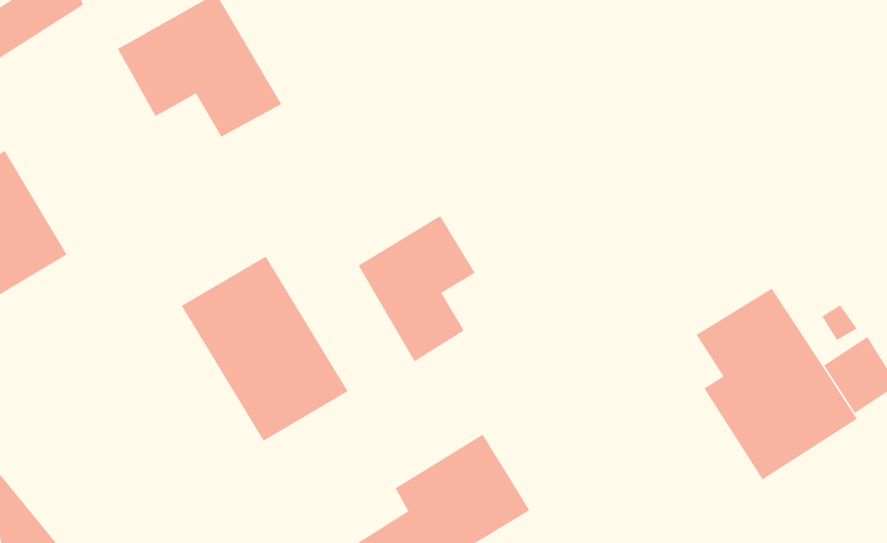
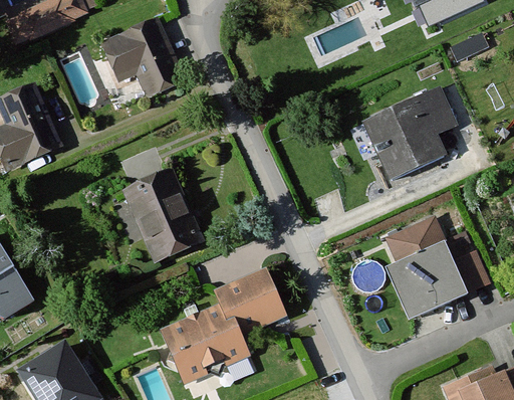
building: none -> [363,86,455,180]
building: [358,215,476,362] -> none

